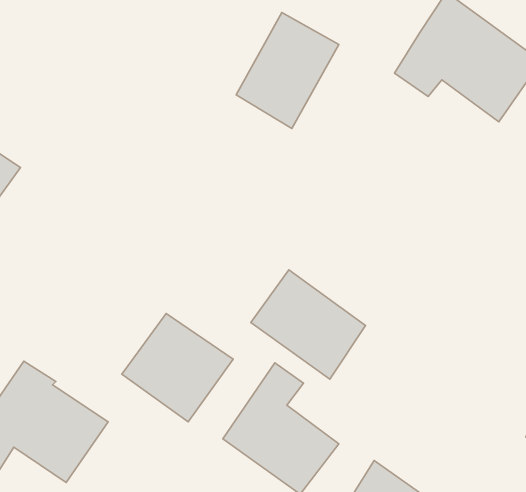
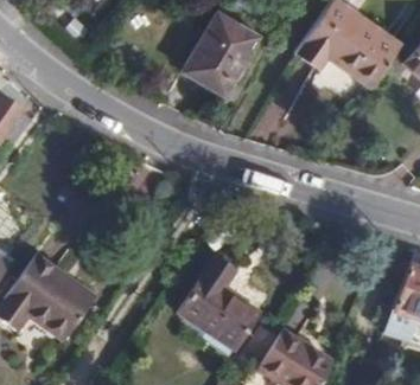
building: [251,270,366,379] -> none
building: [122,313,233,422] -> none

